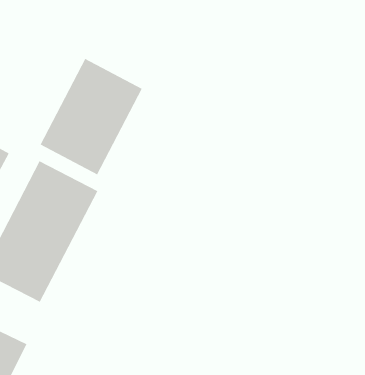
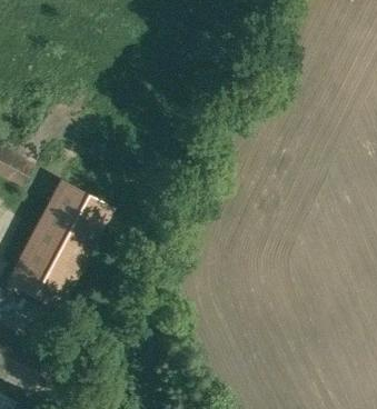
building: [39,58,143,176] -> none

